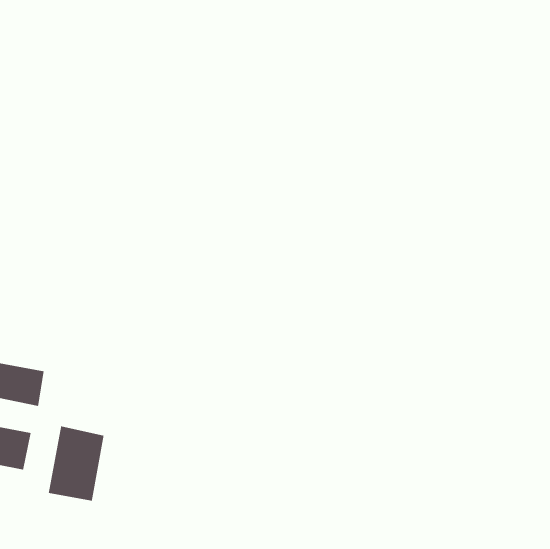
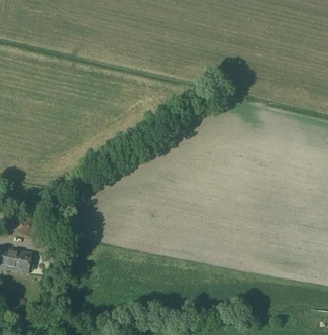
building: [48,425,104,501] -> none

